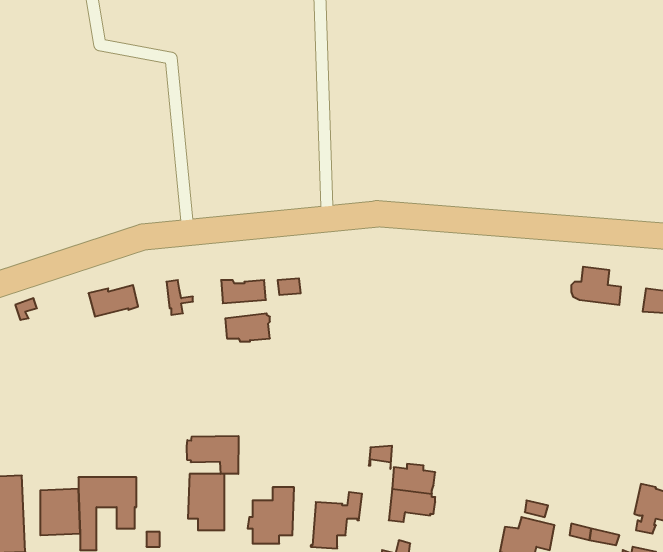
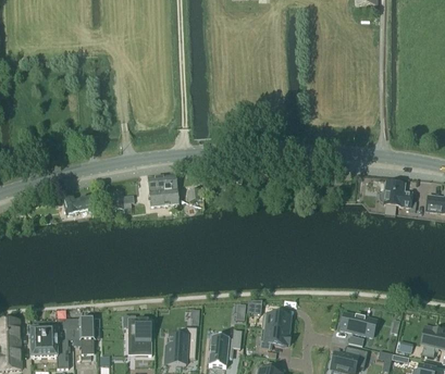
building: [225,313,270,342] -> [148,174,177,192]
building: [187,436,238,474] -> none
building: none -> [339,312,375,336]

